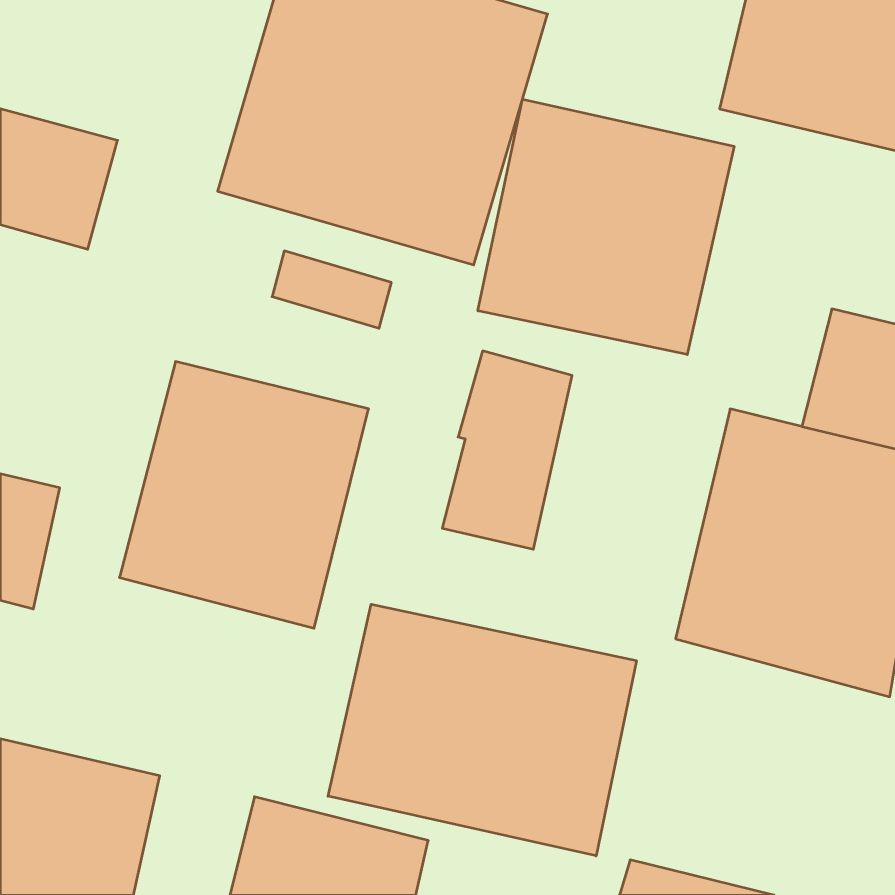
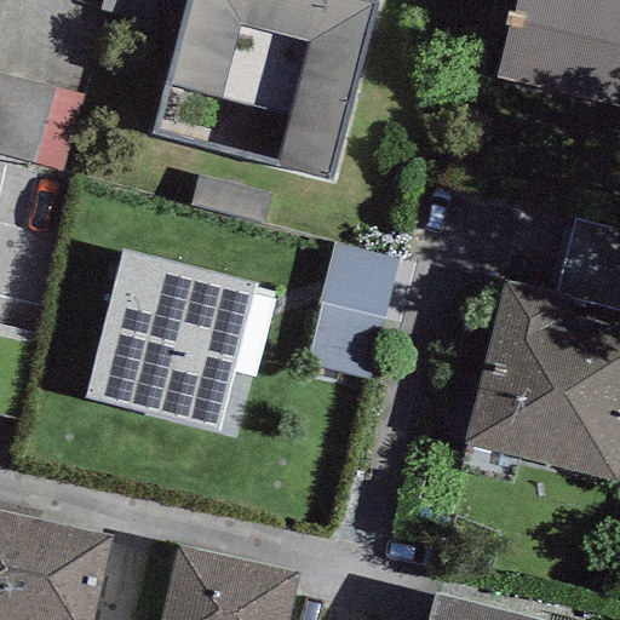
building: [478,99,734,355] -> none
building: [328,604,636,856] -> none

